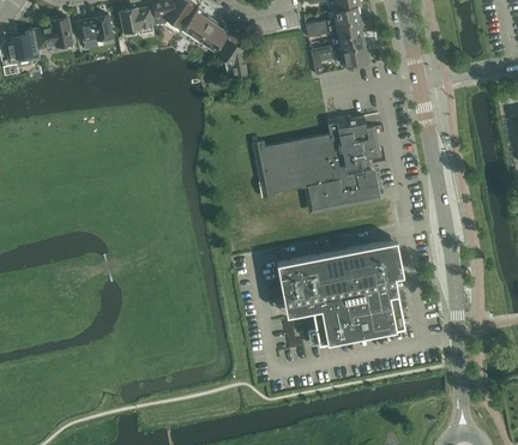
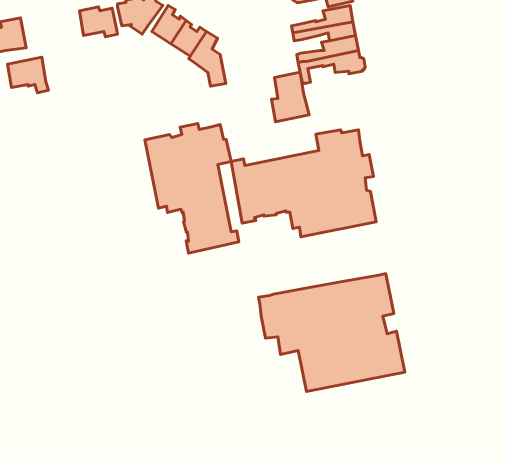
building: [79,16,115,47] -> [8,57,49,93]
building: none -> [272,72,309,122]
building: none -> [145,123,239,253]

